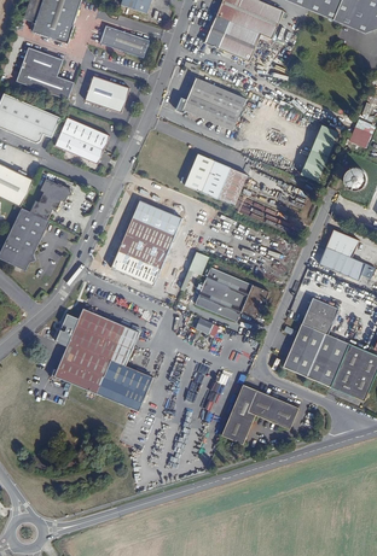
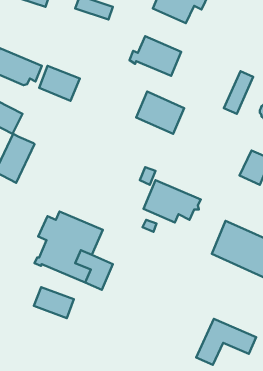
building: [13,48,71,99] -> none
building: [83,75,127,111] -> none
building: [29,178,72,220] -> none
building: [108,200,180,286] -> none
building: [300,295,337,333] -> none
building: [221,385,300,445] -> [196,319,256,365]
building: none -> [34,287,74,318]

